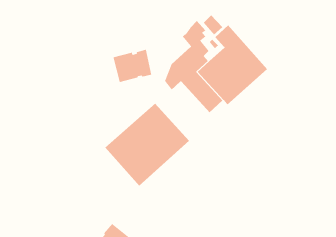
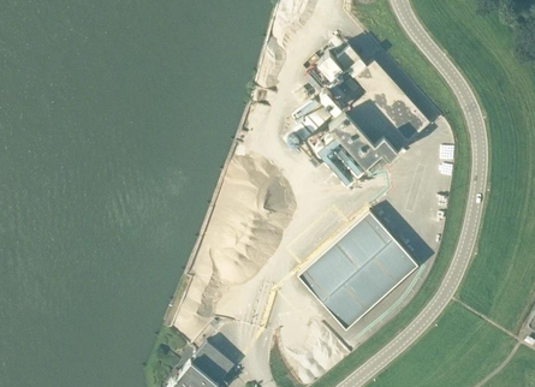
building: [113,49,152,83] -> none
building: [105,103,190,186] -> [298,212,420,331]

